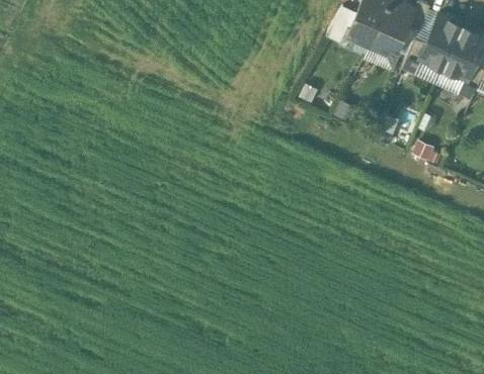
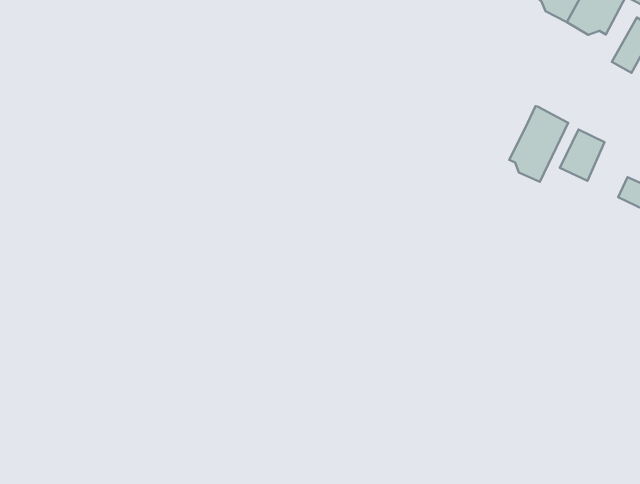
building: none -> [509,106,568,182]

